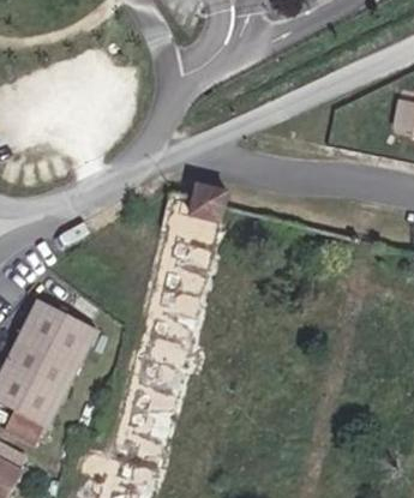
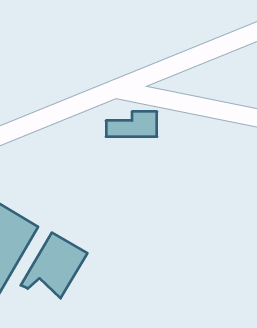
building: none -> [21,233,87,298]

